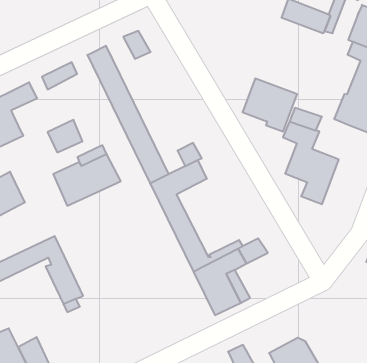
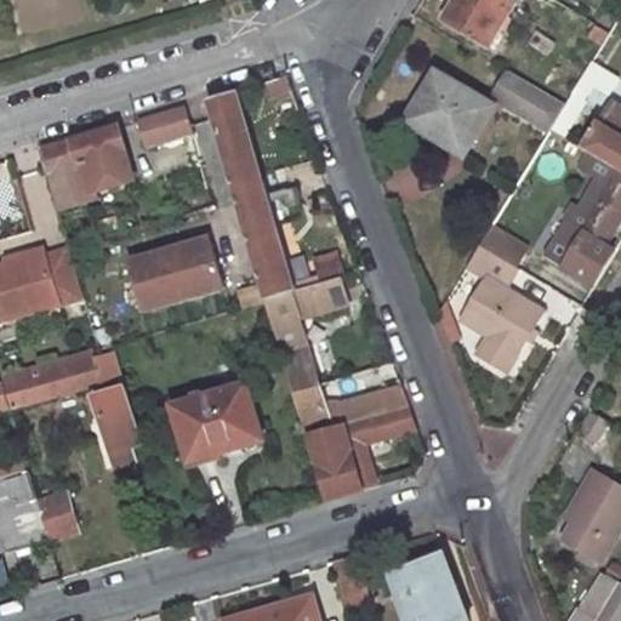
building: [242,78,297,131] -> [410,70,492,153]
building: [48,120,82,152] -> [84,149,131,192]
building: none -> [172,386,258,461]

